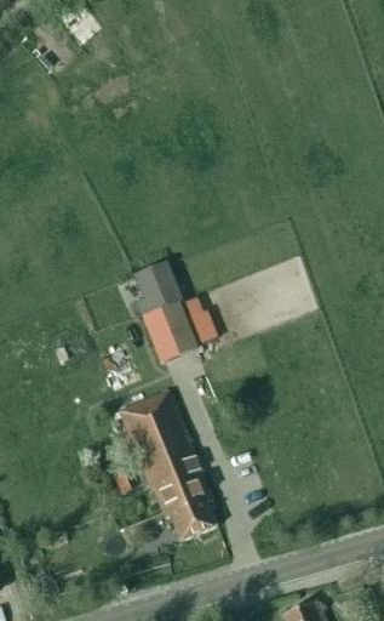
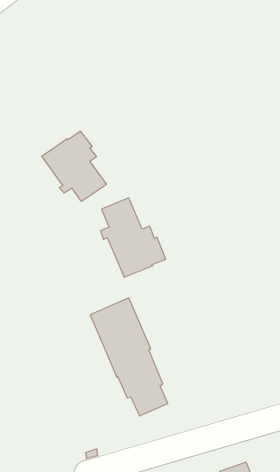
building: none -> [42,131,106,201]

